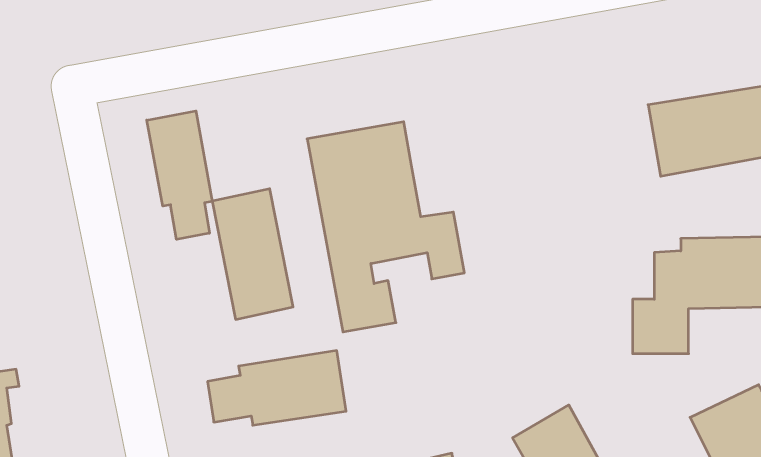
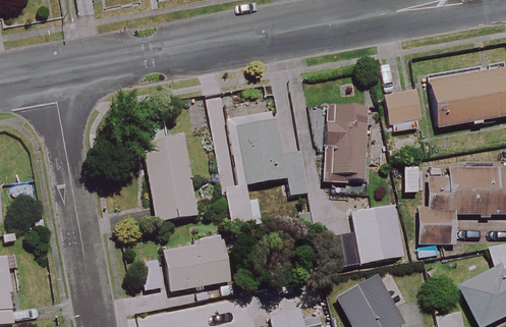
building: [147,111,212,239] -> none
building: none -> [384,89,421,131]
building: none -> [324,107,366,178]
building: none -> [323,203,403,269]

